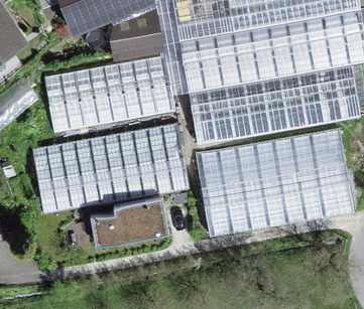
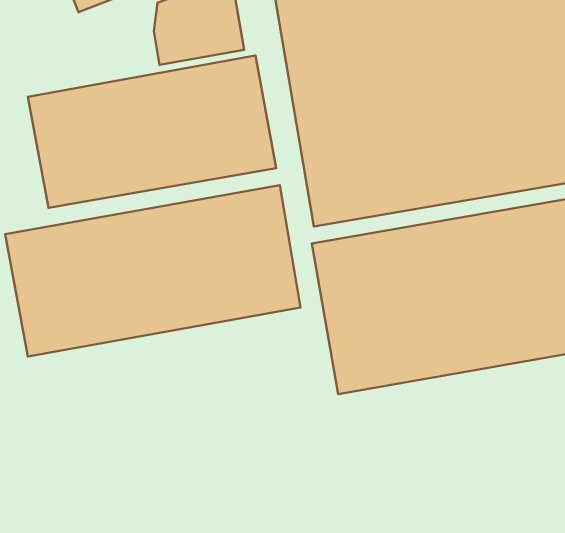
building: [91,196,169,246] -> none

